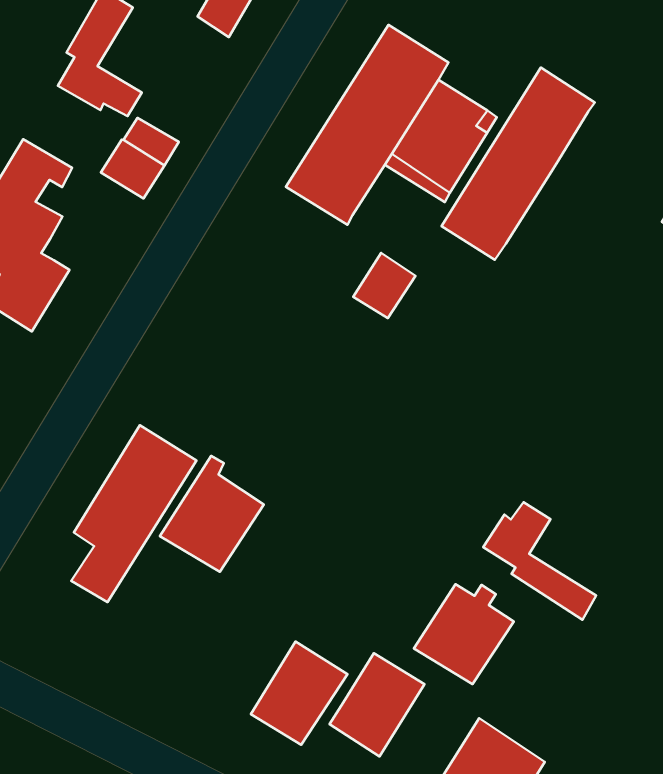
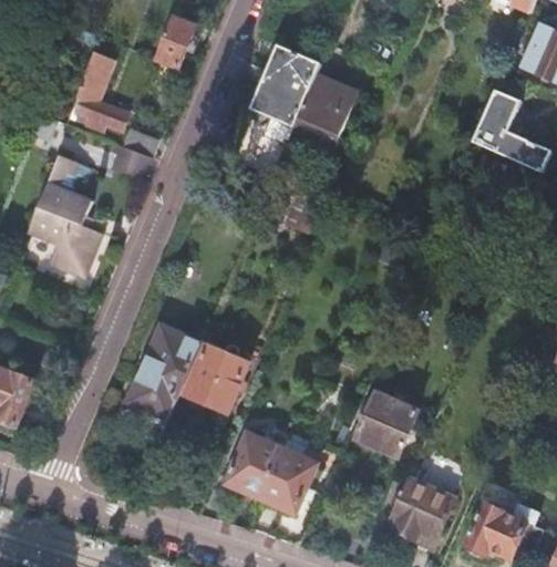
building: [442,68,595,260] -> none
building: [483,502,596,620] -> none
building: [329,653,424,757] -> [226,433,282,498]

